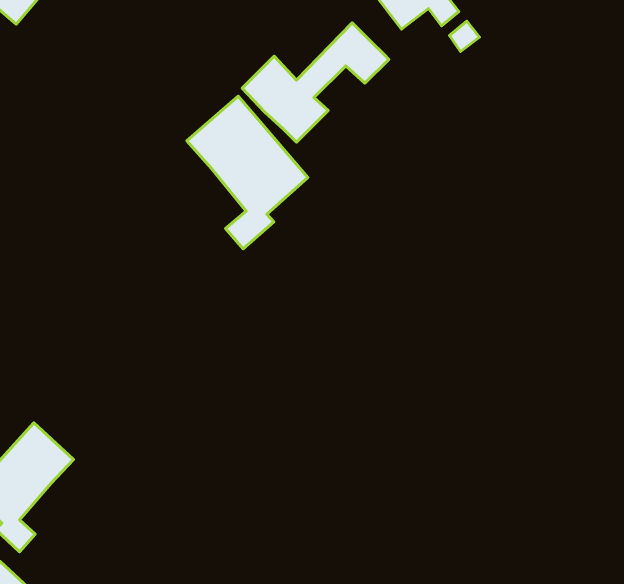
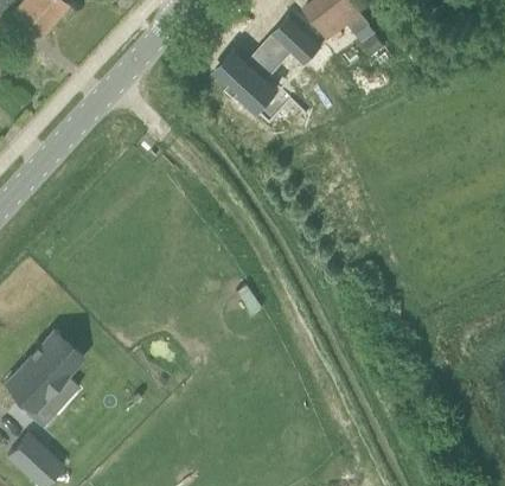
building: [187,96,308,249] -> none

